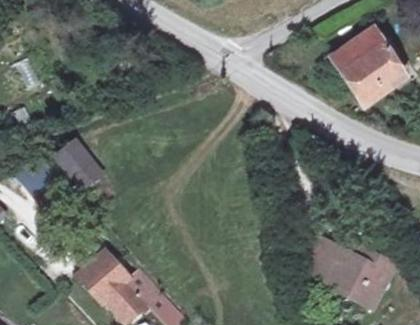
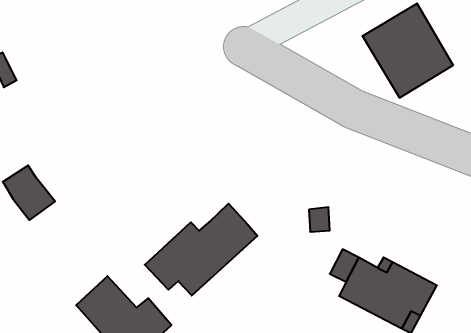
building: [58,146,102,192] -> none
building: none -> [145,204,257,296]

